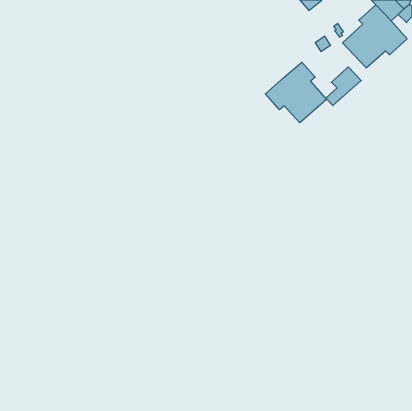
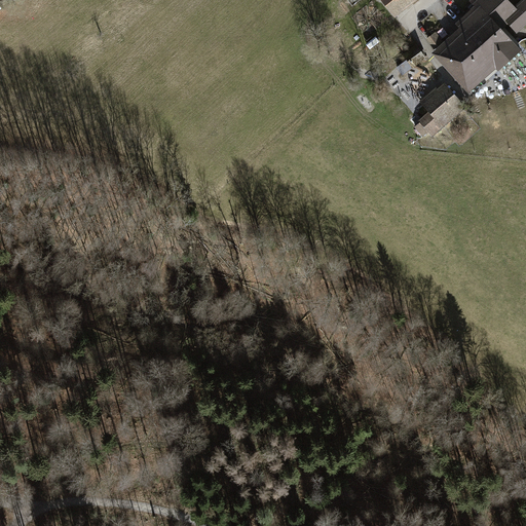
building: [265,62,327,123] -> none

